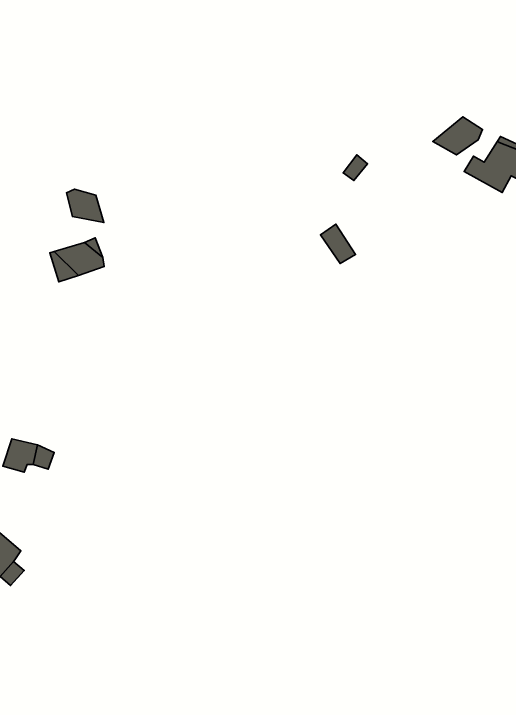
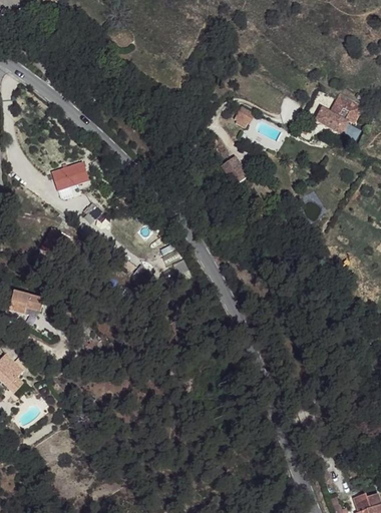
building: [433,117,483,155] -> none
building: [67,189,104,222] -> none

